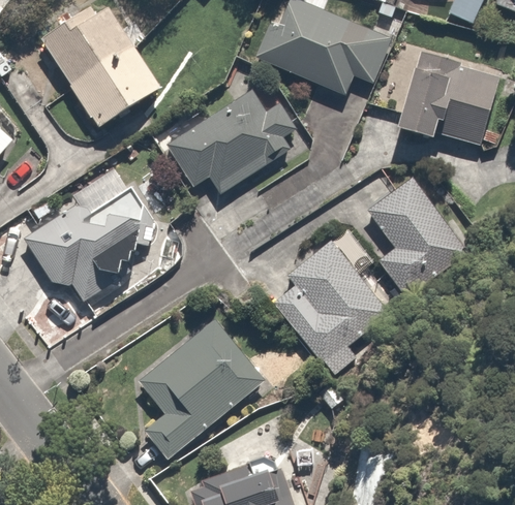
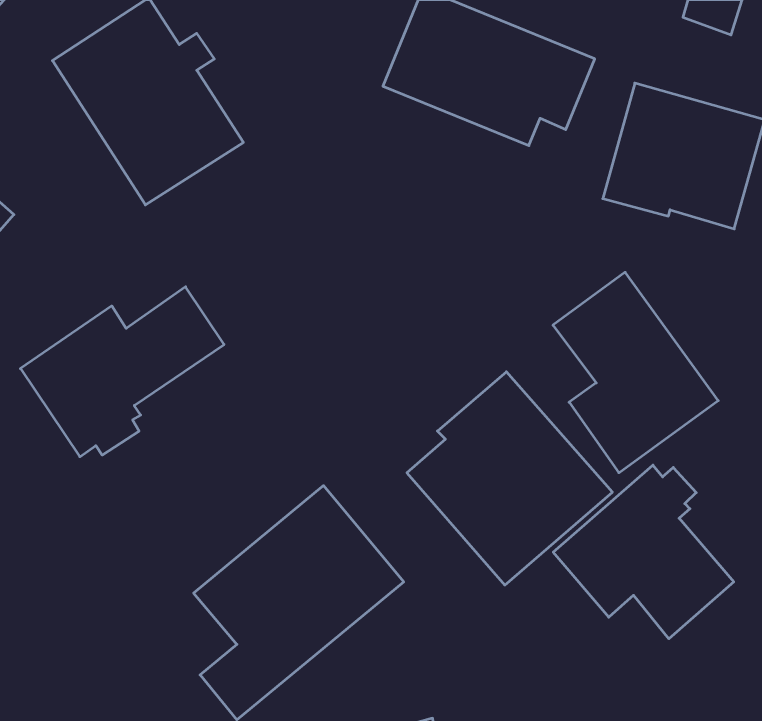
building: [164,89,297,192] -> none
building: none -> [553,465,734,639]

